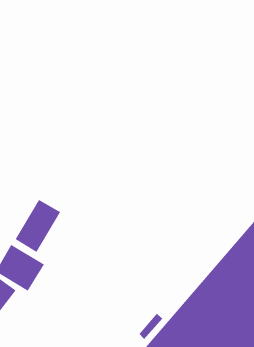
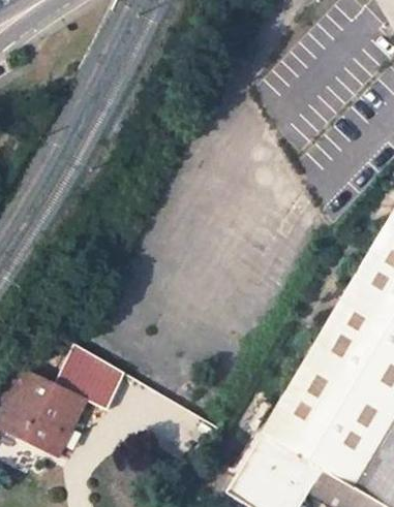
building: [15,199,61,253] -> none

